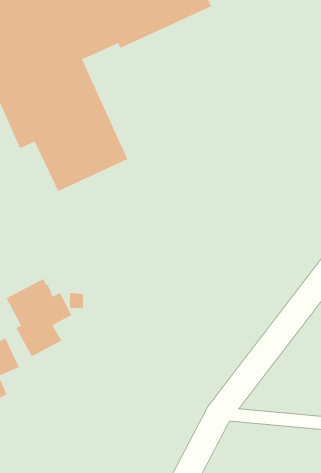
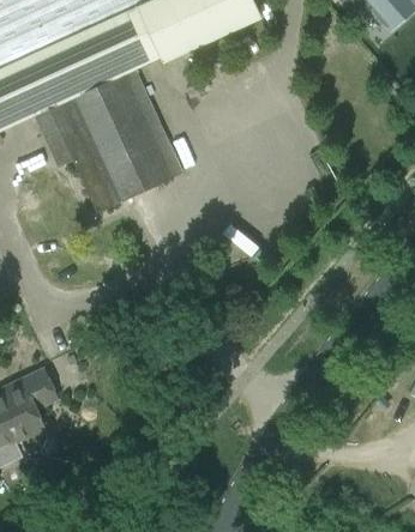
building: [6,274,72,357] -> none

